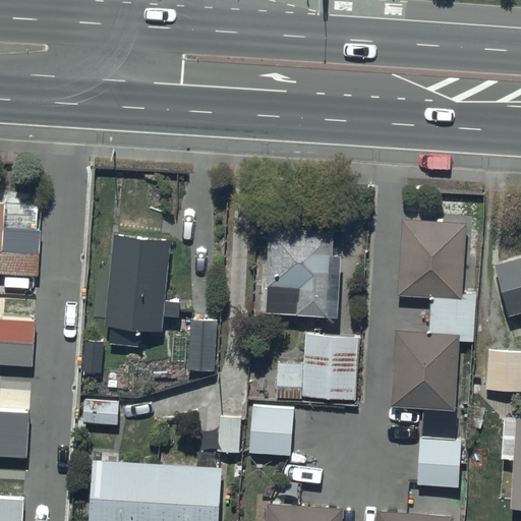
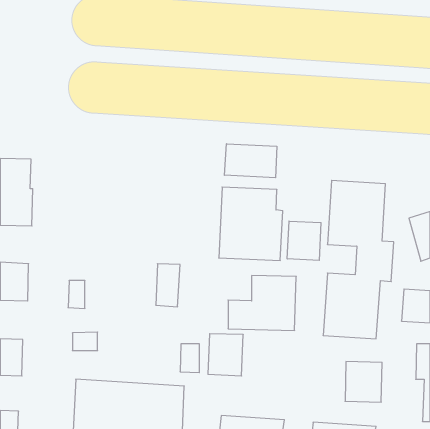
building: none -> [224,144,277,178]
building: [105,234,181,346] -> none
building: none -> [287,221,321,260]

